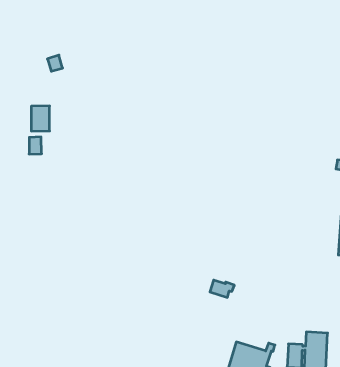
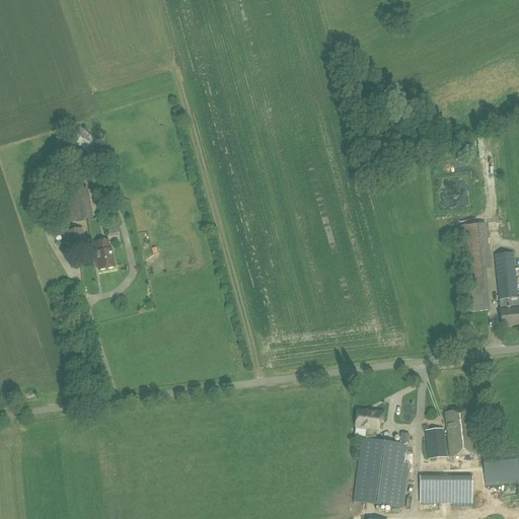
building: none -> [95,240,116,271]
building: [210,280,234,297] -> [356,410,384,428]

